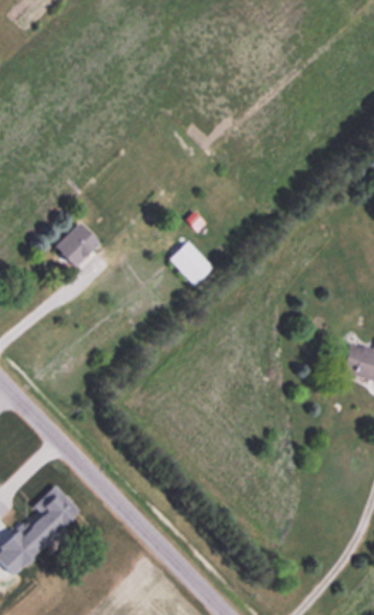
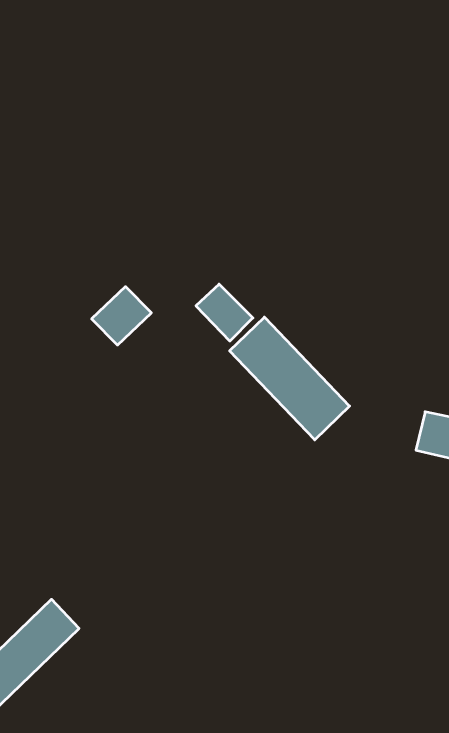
building: [53,223,100,269] -> [92,287,151,345]
building: none -> [230,317,350,440]

